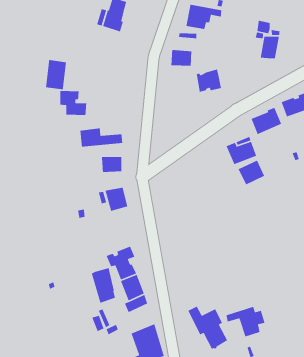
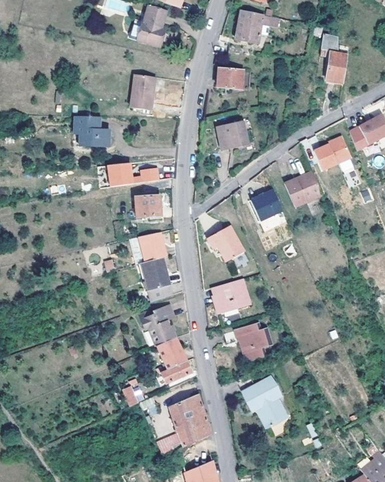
building: [45,59,67,90] -> [128,74,154,111]
building: [196,69,222,93] -> [215,122,246,151]
building: [238,160,265,186] -> [249,189,282,220]
building: none -> [208,224,245,262]
building: none -> [213,279,249,312]
building: [91,267,116,304] -> [141,257,171,301]
building: [226,306,266,338] -> [224,322,272,360]

